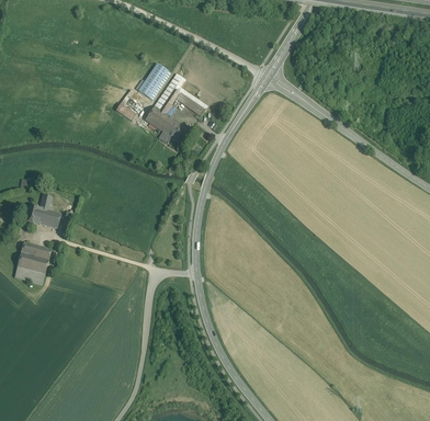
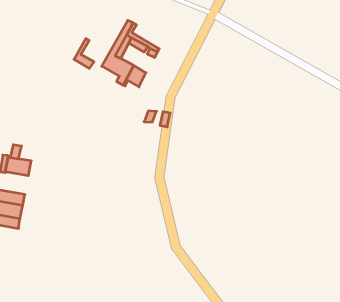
building: [136,64,168,101] -> none

